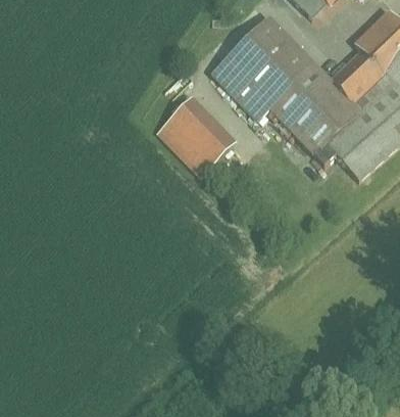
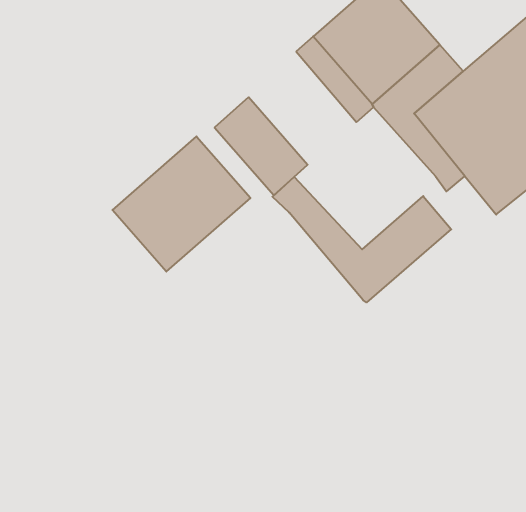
building: none -> [112,136,250,272]
building: none -> [272,177,451,302]

